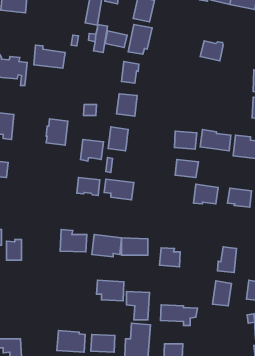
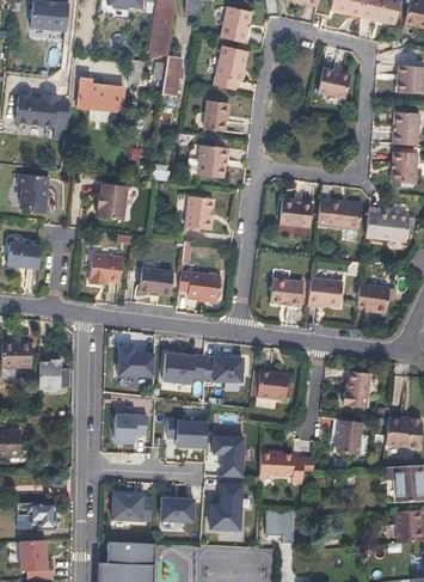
building: [105,31,127,47] -> none
building: [80,140,104,161] -> [90,255,123,286]
building: [175,159,198,178] -> [271,280,305,306]
building: none -> [115,412,147,441]

